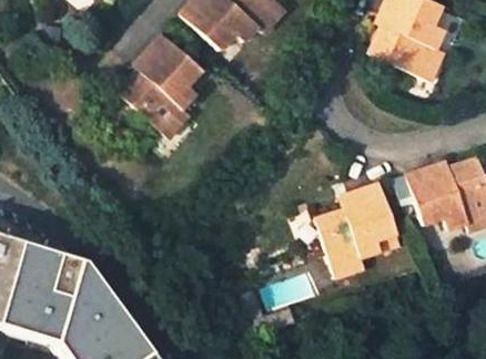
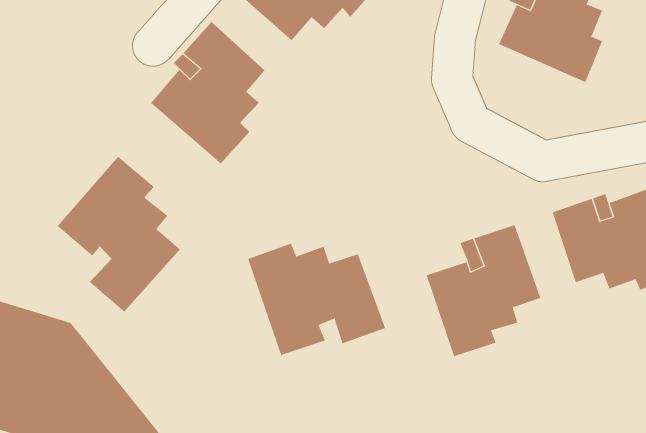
building: none -> [57,156,181,312]
building: none -> [248,243,386,356]

